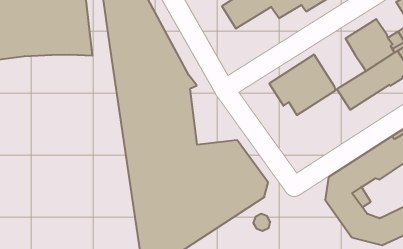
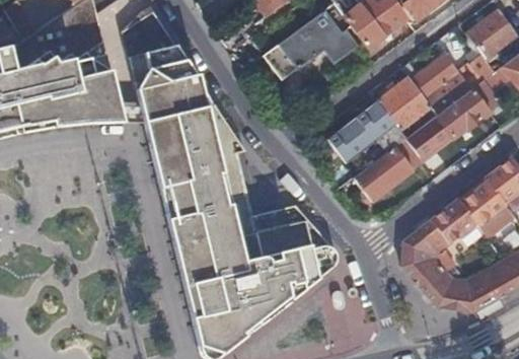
building: none -> [377,76,432,135]
building: none -> [354,138,424,201]

